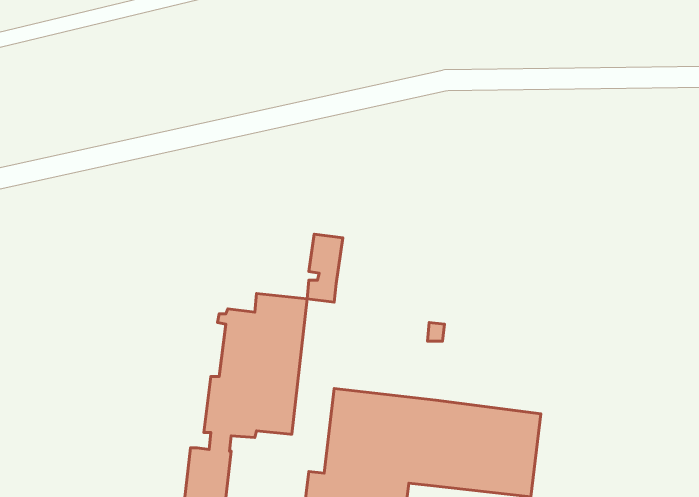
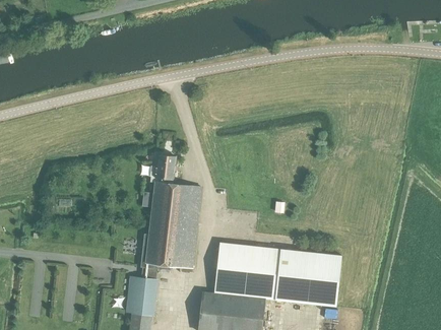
building: [307,234,343,302] -> [154,154,176,195]

